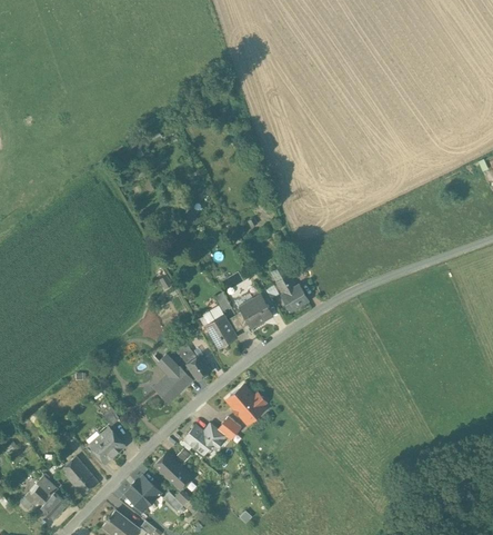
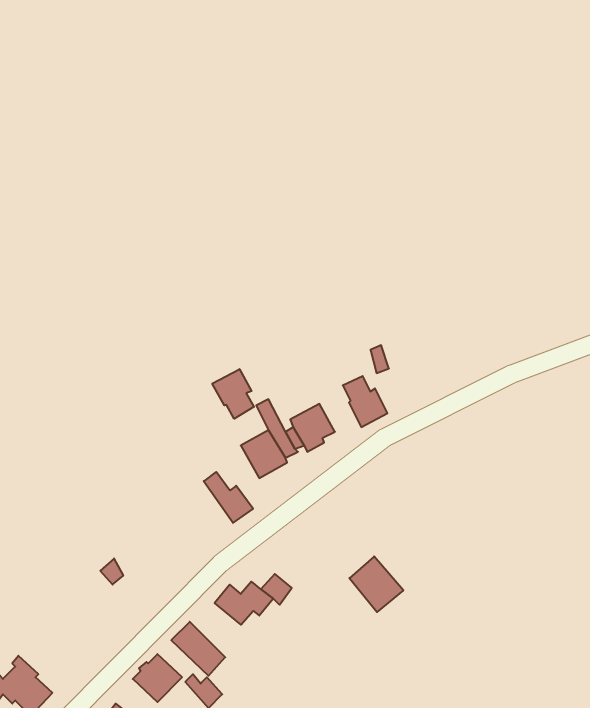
building: none -> [212,369,254,419]
building: [152,354,191,402] -> none
building: [227,384,265,424] -> [349,556,403,612]
building: [89,426,125,463] -> none
building: [61,456,98,495] -> none

